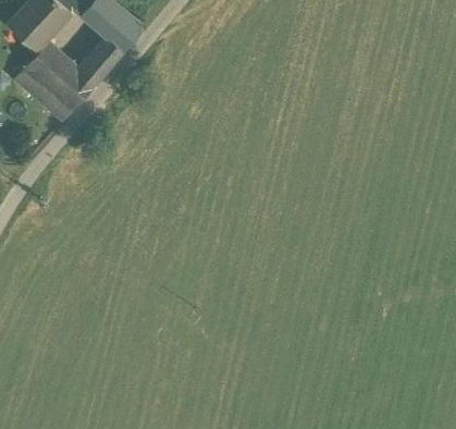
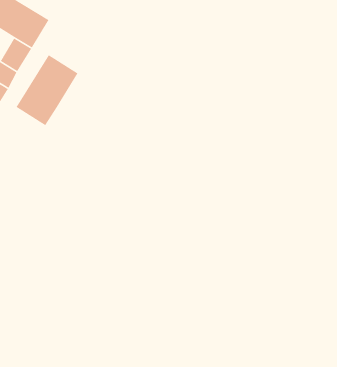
building: none -> [15,54,79,126]

